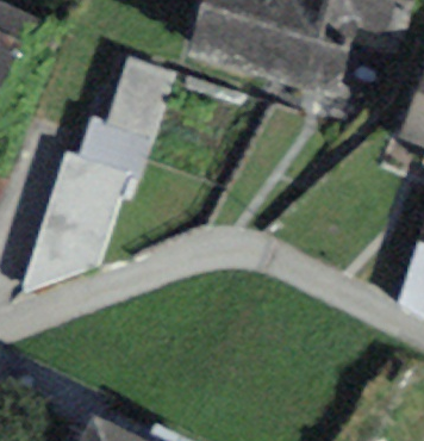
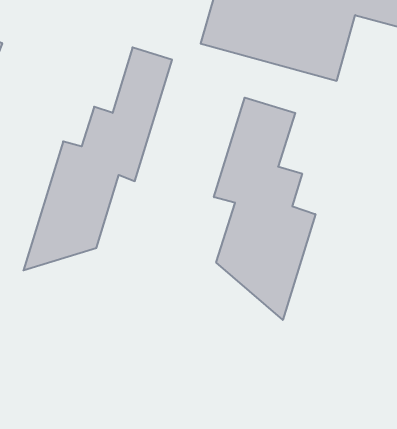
building: none -> [214,98,315,320]

